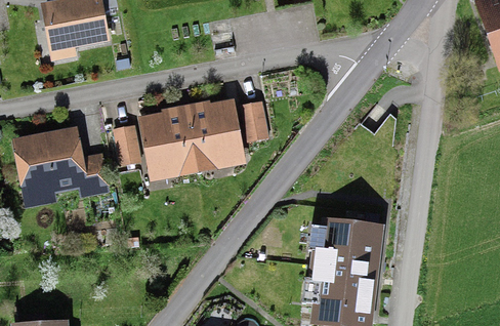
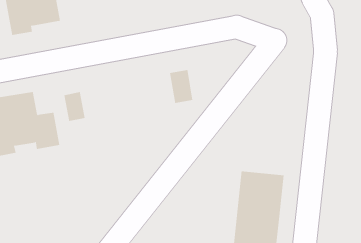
building: [147,105,237,171] -> none

